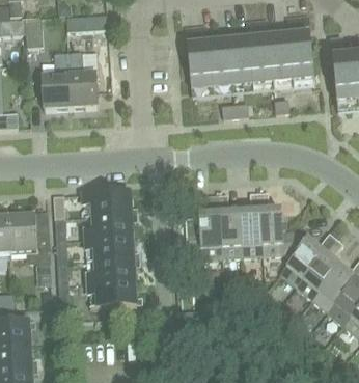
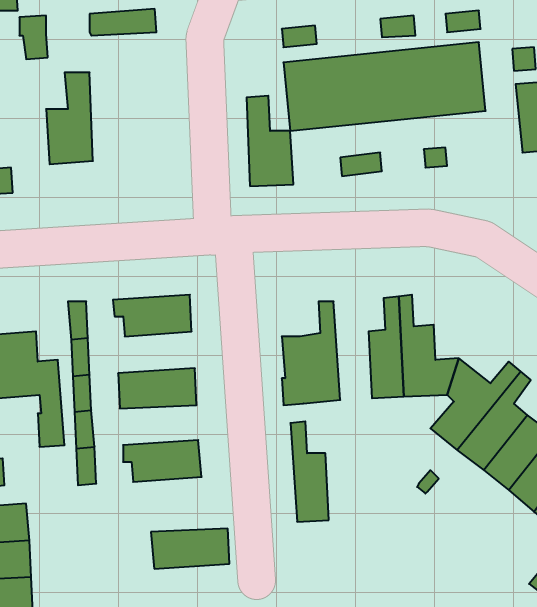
building: [66,49,95,105] -> [247,96,293,186]
building: [218,191,242,253] -> [290,421,329,522]
building: [83,211,132,237] -> none
building: [85,256,134,281] -> [151,529,229,569]

